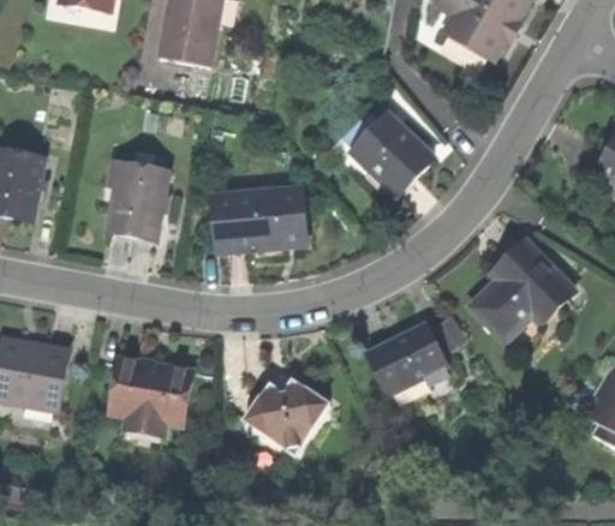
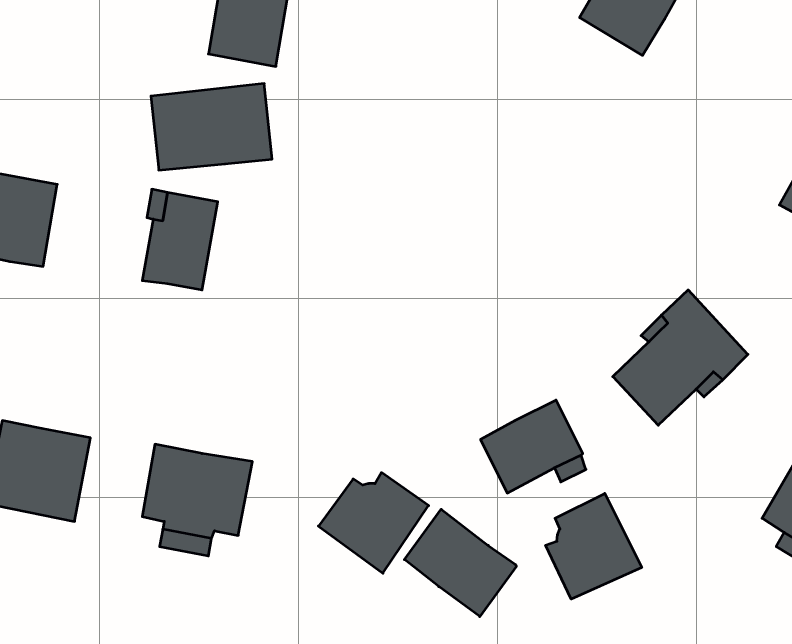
building: [351,113,432,192] -> none
building: [214,185,306,251] -> [151,84,272,170]
building: none -> [546,493,642,599]
building: none -> [404,509,516,617]

